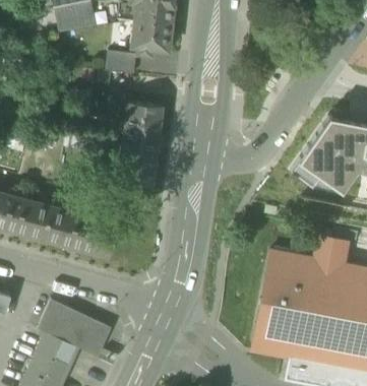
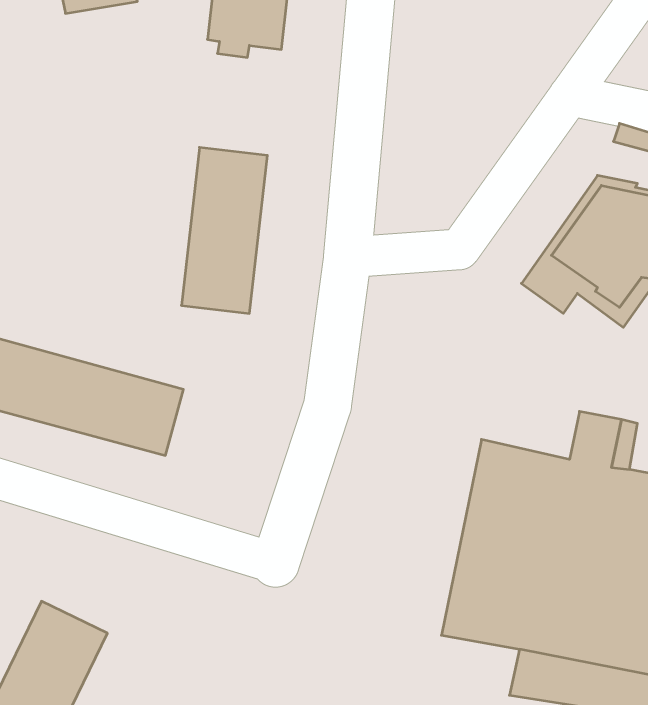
building: [106,50,136,72] -> none
building: [38,298,112,356] -> none

